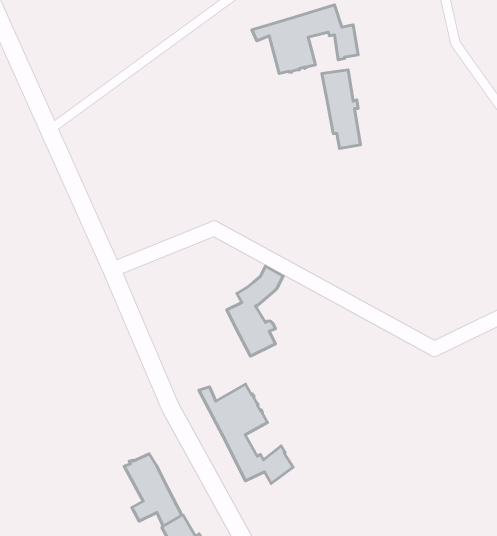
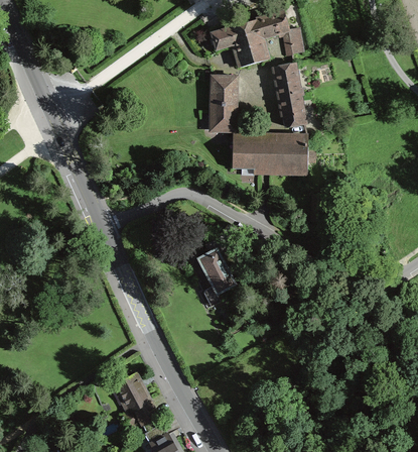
building: none -> [211,76,236,130]
building: none -> [232,137,307,175]
building: [199,384,293,483] -> none

